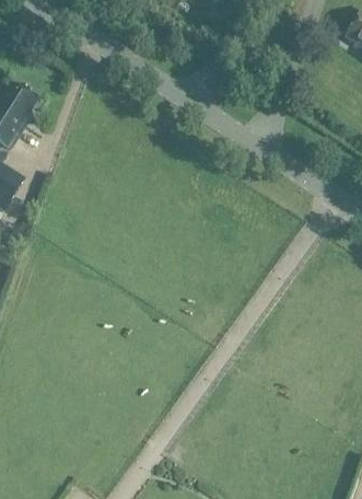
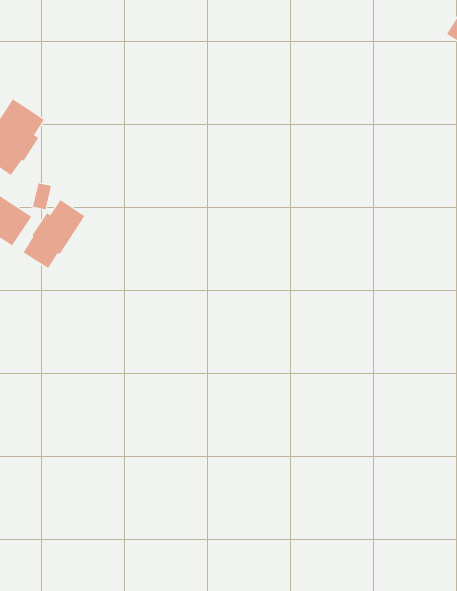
building: none -> [23,199,85,269]

